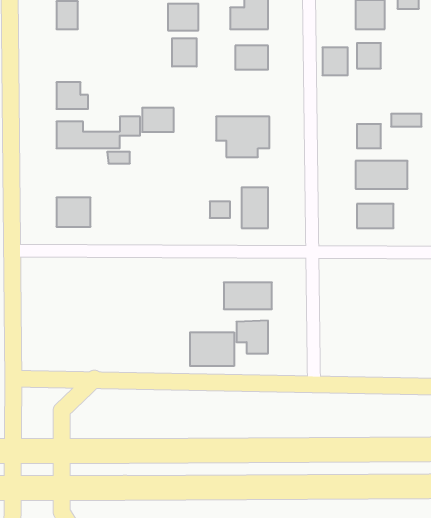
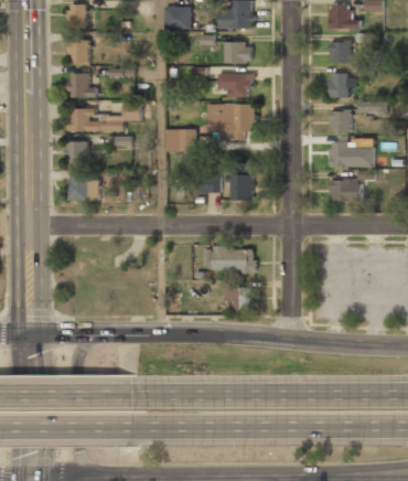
building: [172,38,197,67] -> none
building: none -> [67,41,88,63]
building: [322,47,348,75] -> [328,73,350,97]
building: none -> [216,74,249,97]
building: [142,108,174,132] -> [165,130,193,151]
building: none -> [65,141,86,164]
building: [190,332,234,366] -> none

